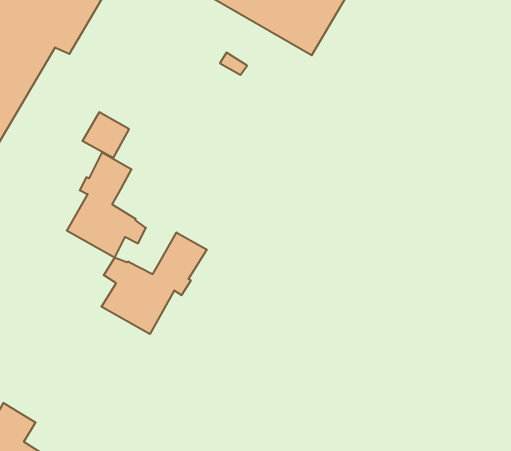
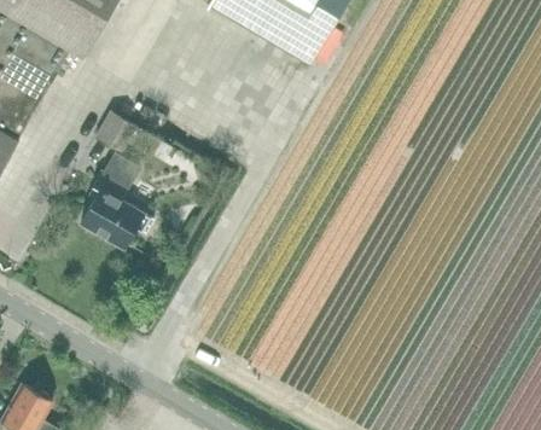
building: [101,232,207,334] -> none

